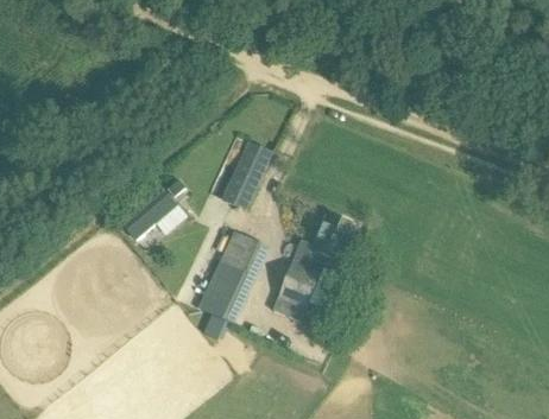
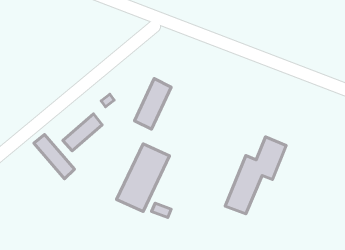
building: [272,214,356,320] -> [225,137,286,214]
building: none -> [34,134,74,179]

